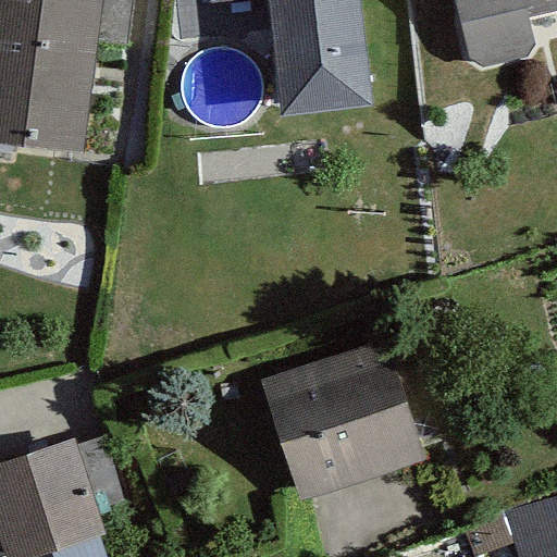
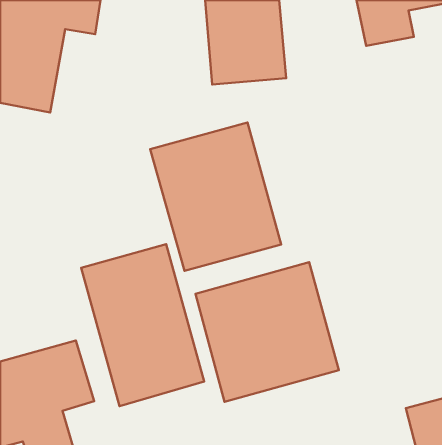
building: none -> [150,122,281,271]
building: none -> [81,244,204,406]

